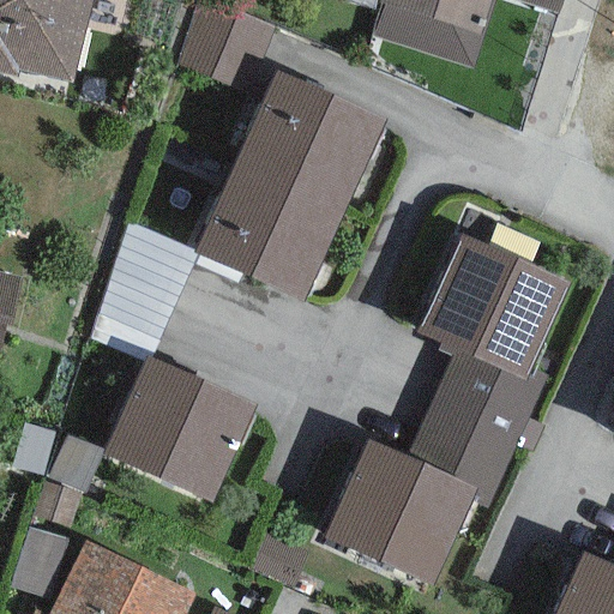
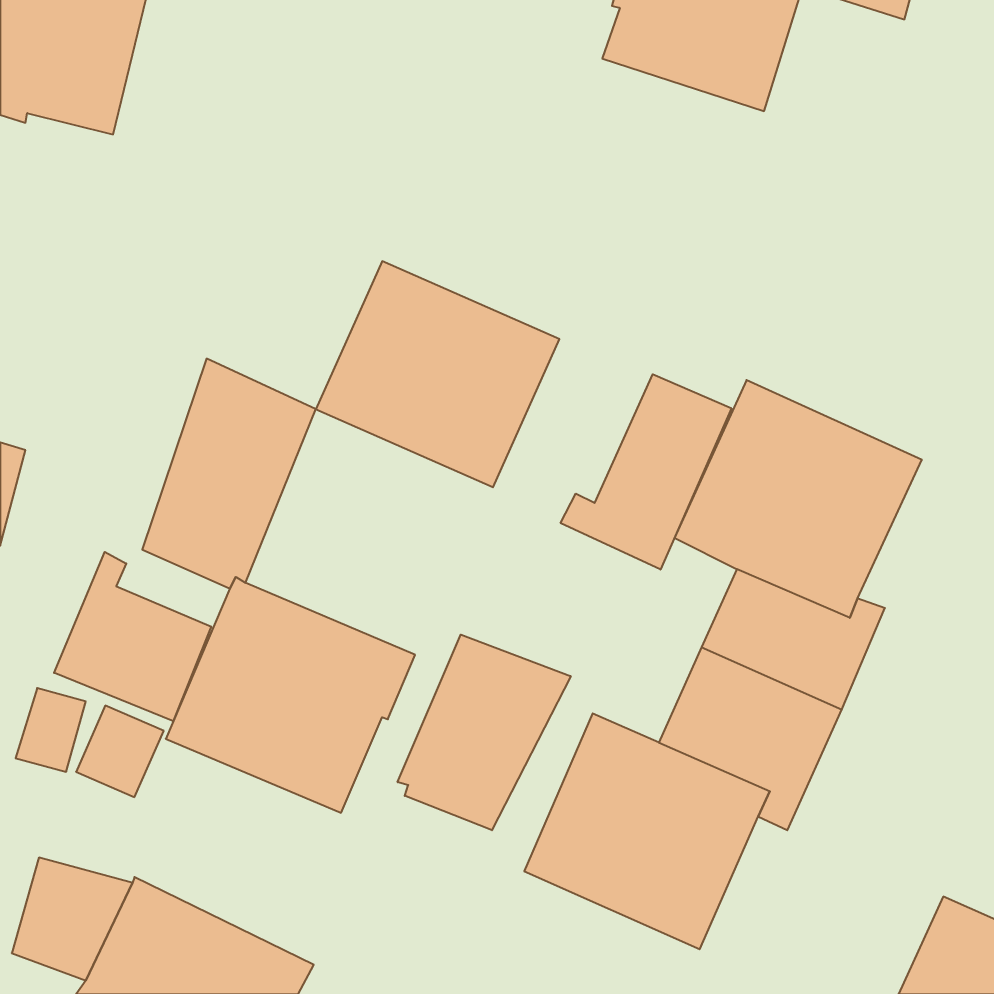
building: [236,71,385,209] -> none
building: none -> [561,374,731,570]
building: none -> [54,552,211,721]
building: none -> [398,635,571,830]

